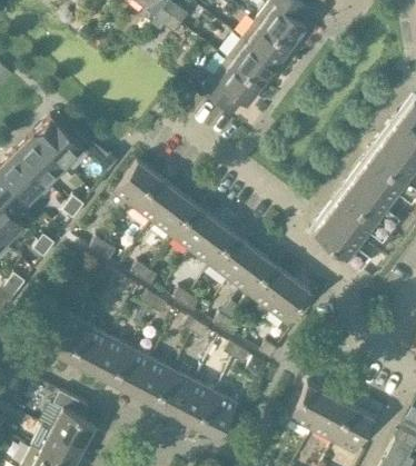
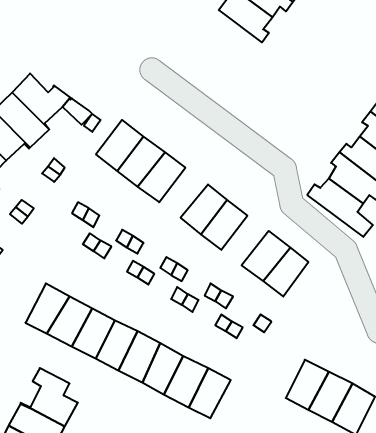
building: [202,58,268,113] -> none
building: [172,205,218,251] -> none
building: [230,249,275,296] -> none

